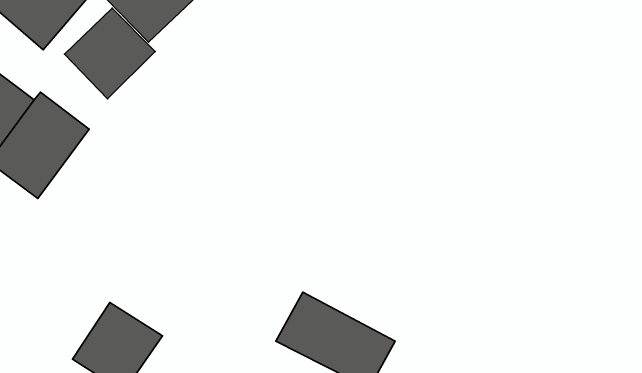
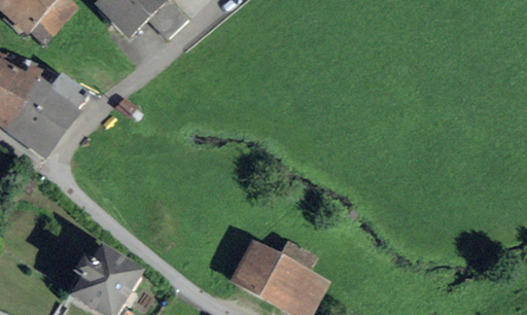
building: [65,8,155,99] -> none

